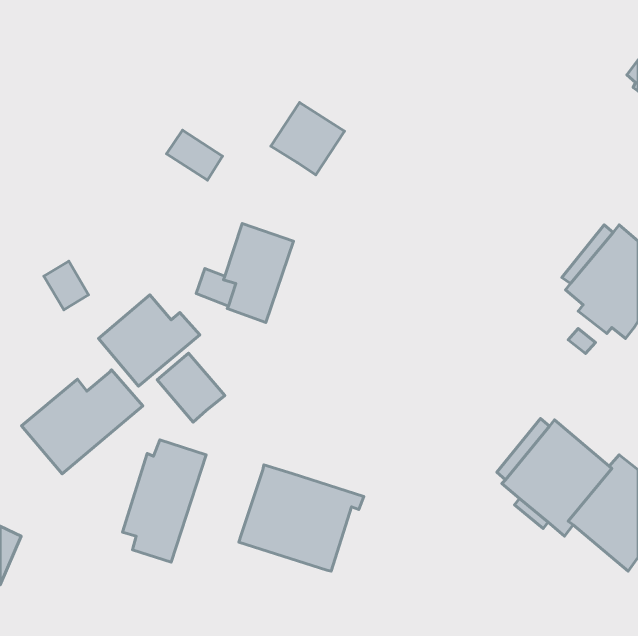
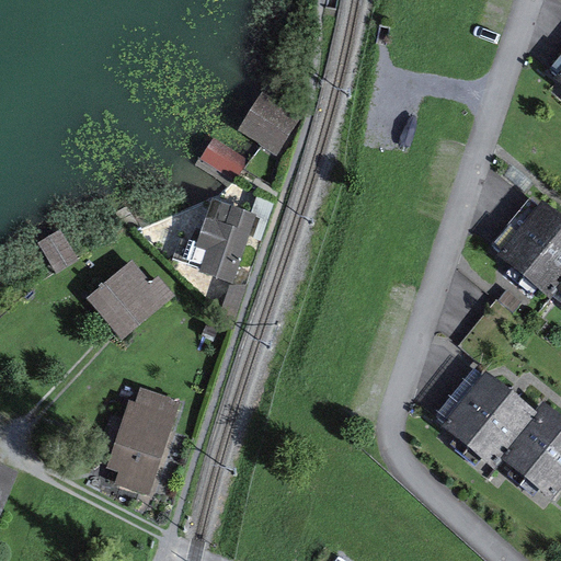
building: [166,130,223,180] -> [201,136,250,180]
building: [157,353,225,422] -> none
building: [22,370,143,474] -> none
building: [239,465,364,571] -> none

